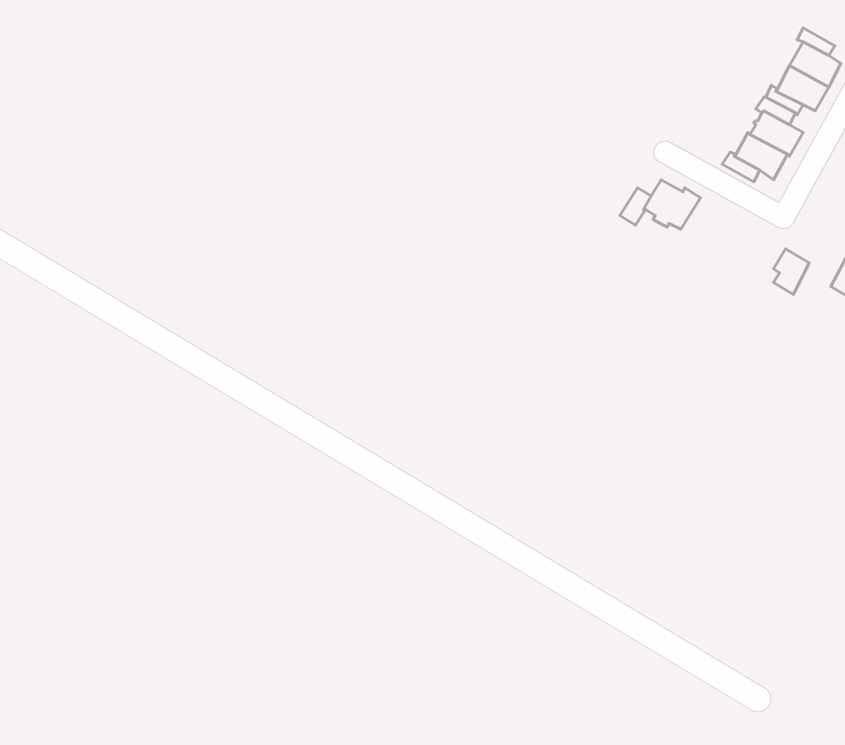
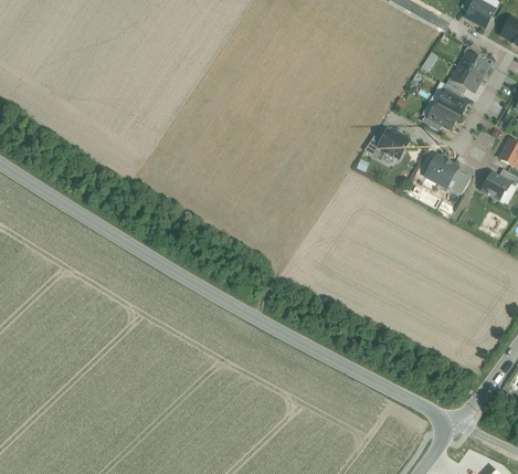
building: none -> [427,155,458,187]

